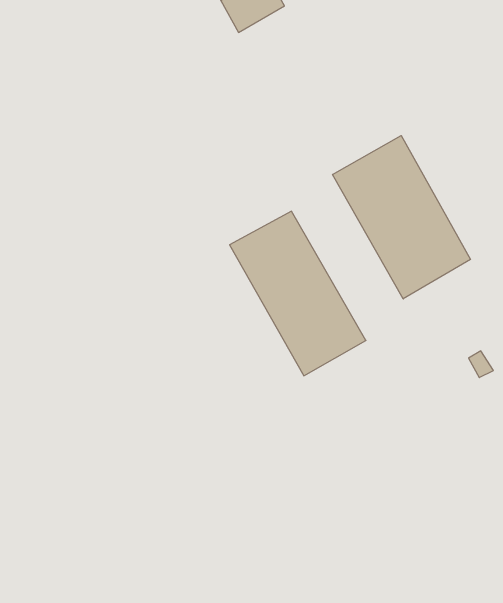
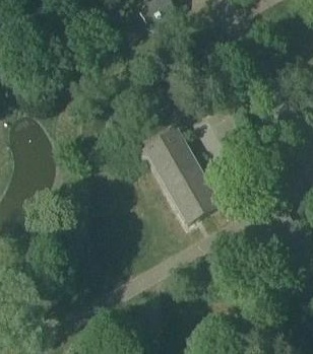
building: [333,136,470,299] -> none

